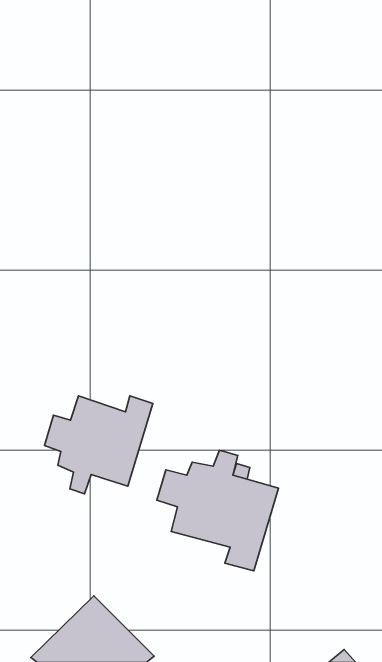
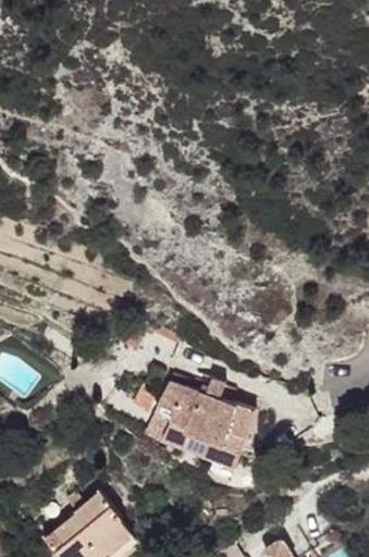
building: [44,396,153,494] -> none

